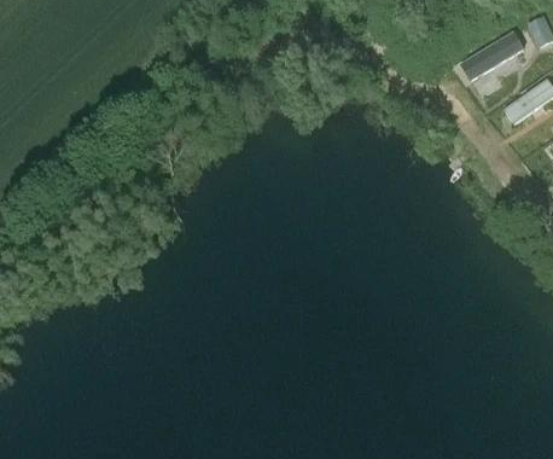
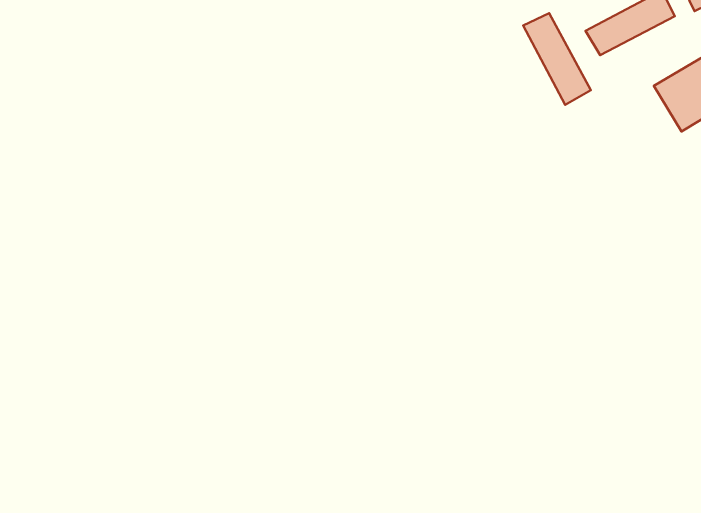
building: none -> [523,13,591,105]

